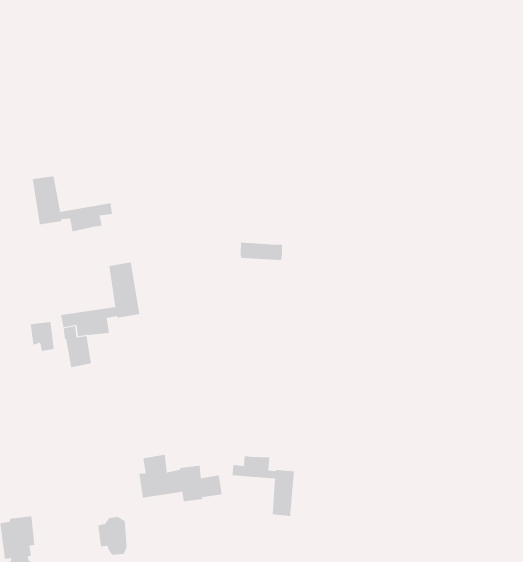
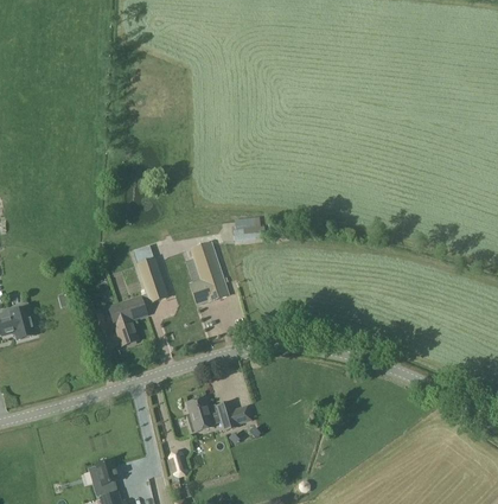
building: [32,175,112,232] -> none
building: none -> [191,241,230,302]
building: [232,456,295,517] -> none

